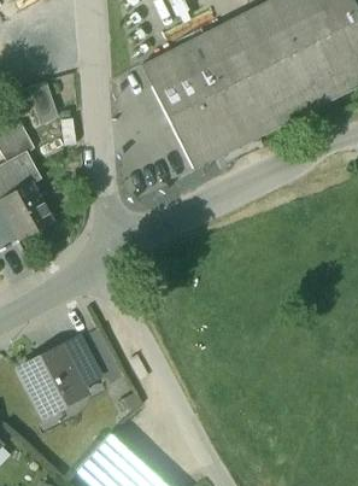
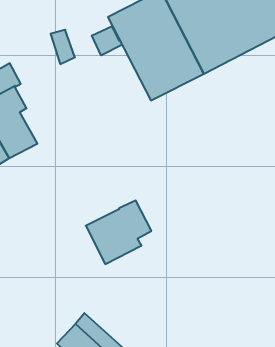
building: none -> [92,26,122,55]
building: [28,82,58,124] -> [51,30,75,64]
building: [18,338,99,416] -> [86,200,151,264]

